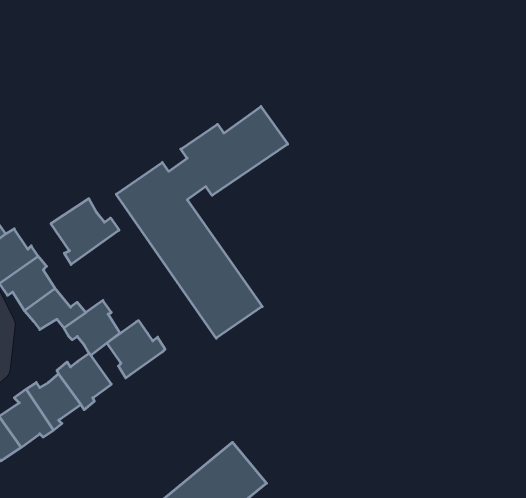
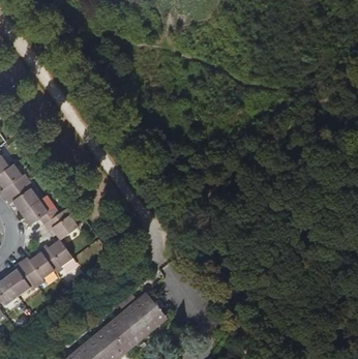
building: [116,106,288,338] -> none
building: [51,199,119,265] -> none
building: [107,321,165,378] -> none

